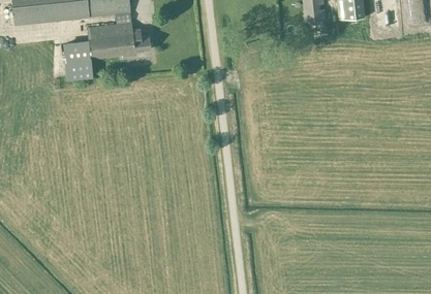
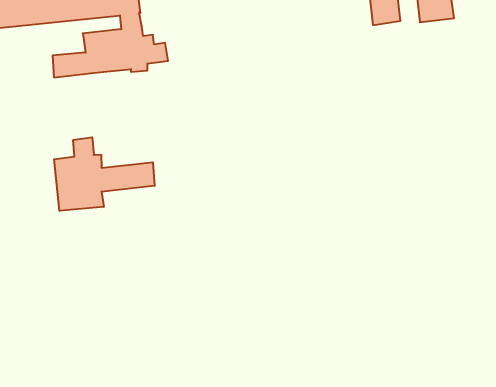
building: [65,58,95,80] -> none
building: none -> [54,137,154,211]

